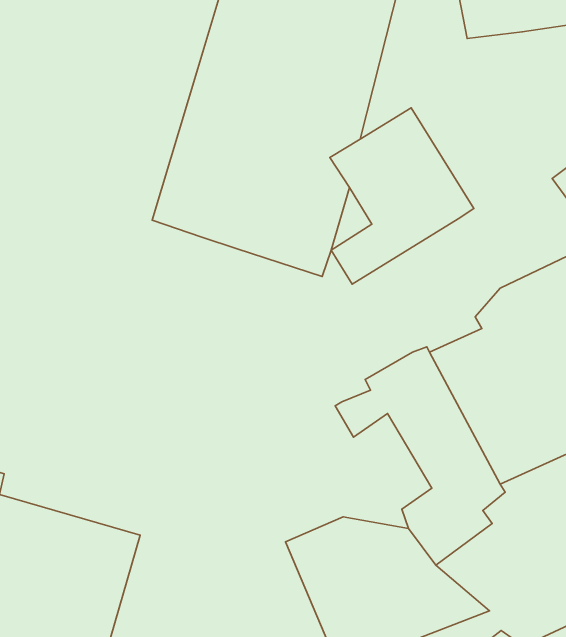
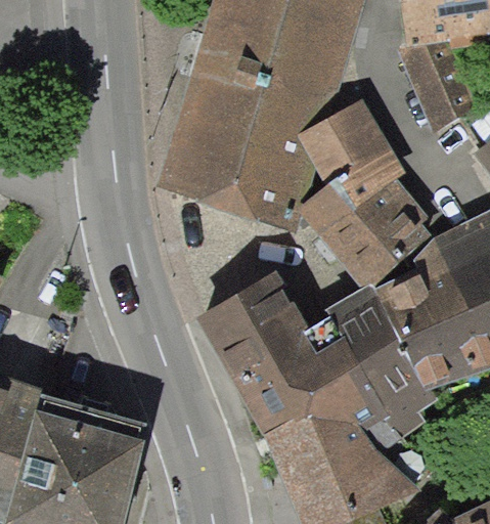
building: none -> [403,37,473,132]
building: none -> [317,183,438,288]
building: none -> [197,271,380,436]

